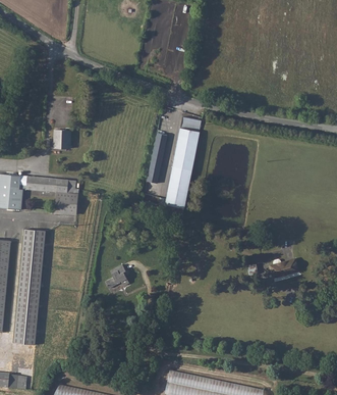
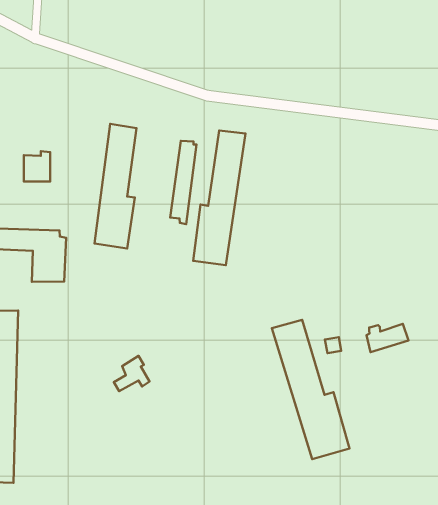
building: none -> [95,124,137,248]
building: none -> [272,320,349,459]

